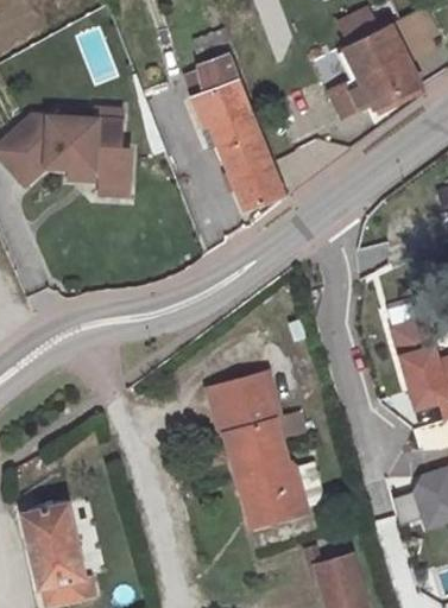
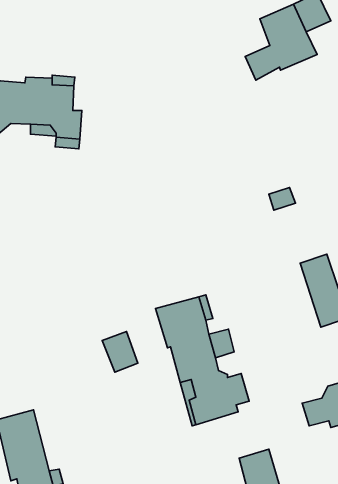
building: [191,55,275,202] -> none
building: none -> [102,332,138,372]

